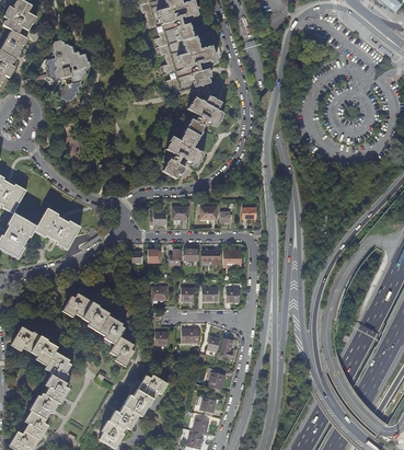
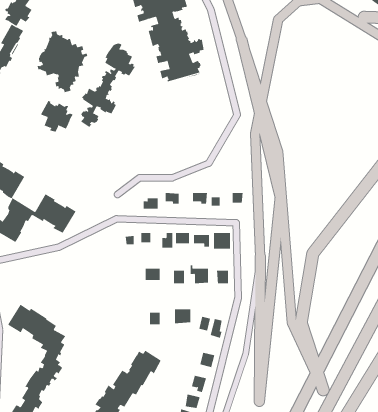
building: [166,90,224,178] -> [80,43,136,128]
building: none -> [40,100,73,133]
building: [64,293,135,365] -> none

